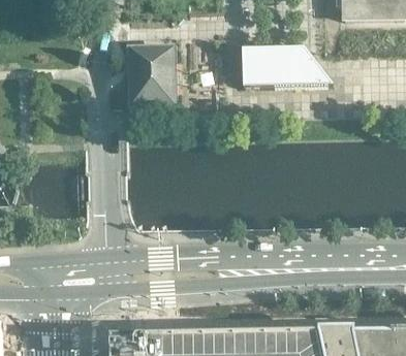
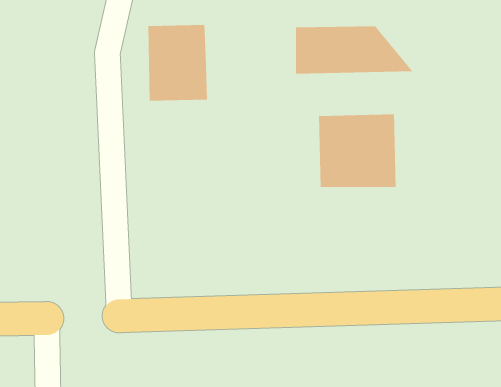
building: none -> [318,113,396,188]

